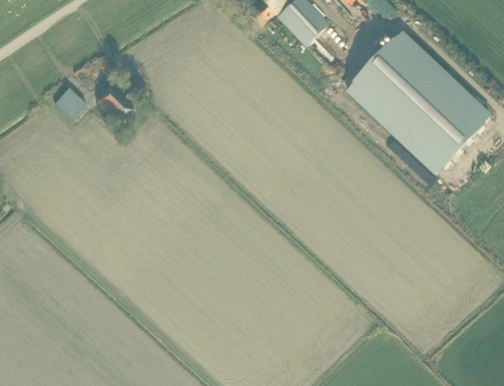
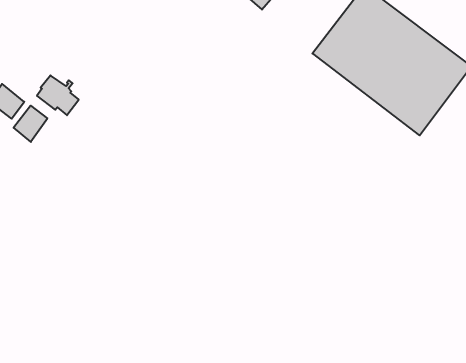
building: none -> [14,106,47,142]

